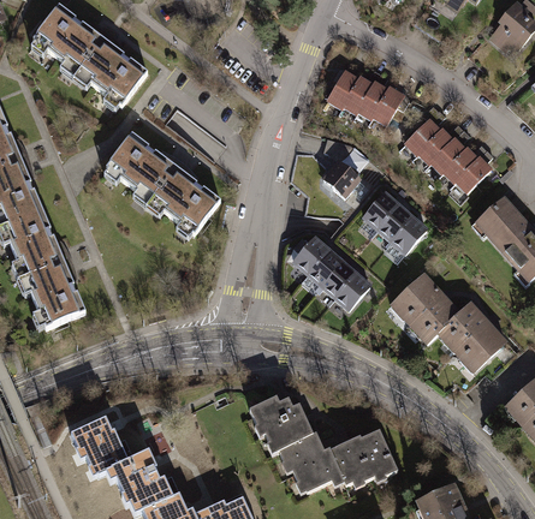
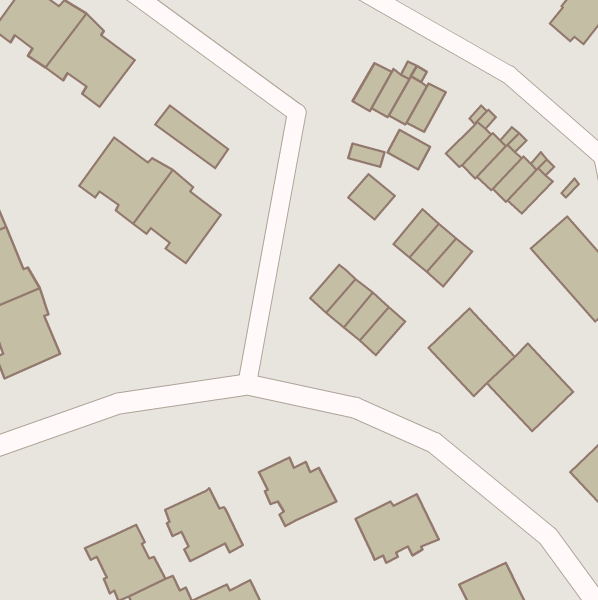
building: none -> [387,130,430,170]
building: [70,417,127,477] -> none
building: [279,429,343,489] -> [165,488,243,561]

